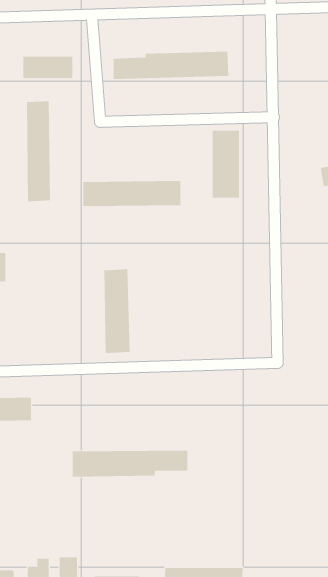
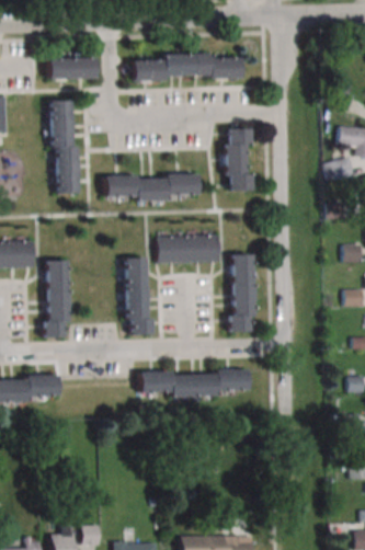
building: none -> [158,234,220,263]
building: none -> [230,253,254,331]
building: none -> [45,260,68,337]
building: [72,450,188,477] -> [140,370,249,396]

